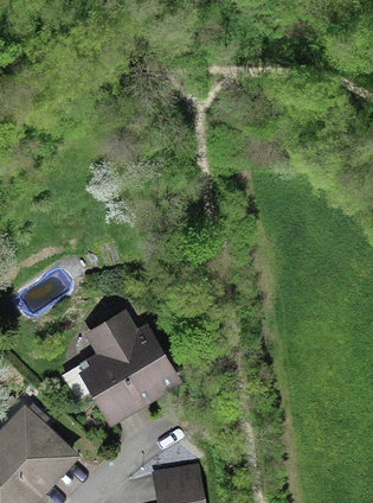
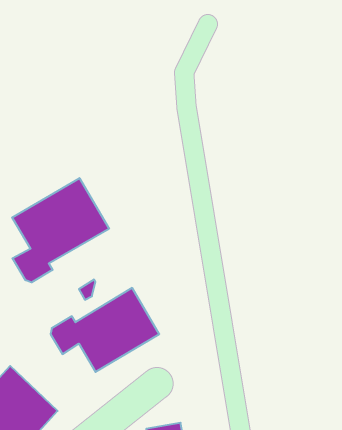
building: none -> [12,178,109,282]

